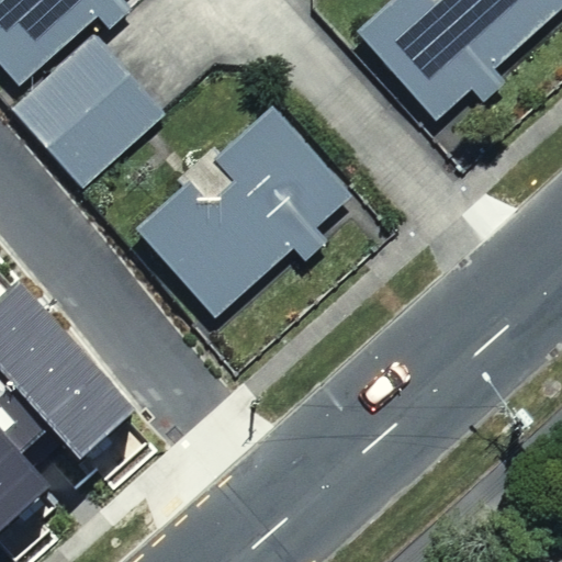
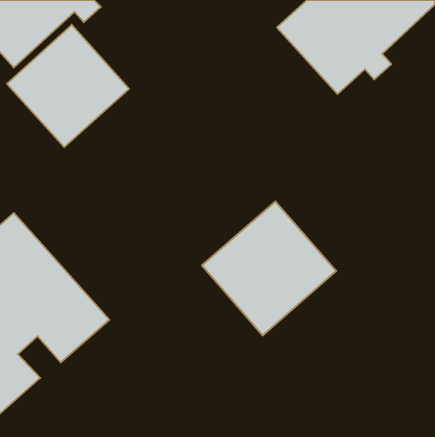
building: [137,108,352,313] -> none
building: none -> [202,201,336,336]

